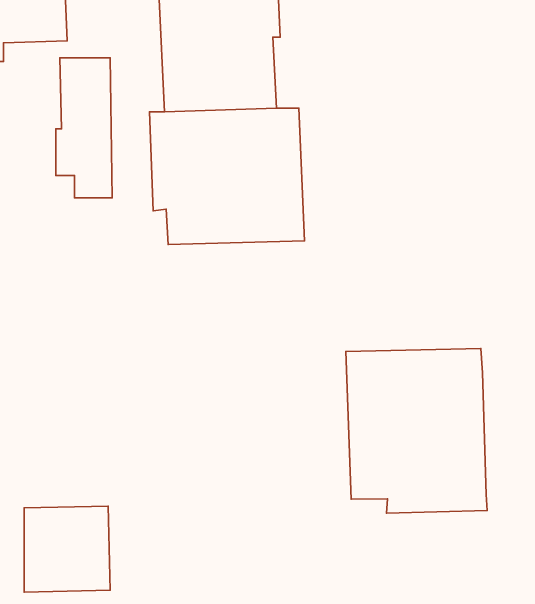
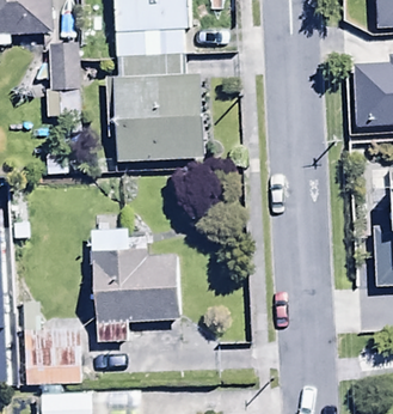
building: none -> [91,227,180,343]
building: [346,349,487,513] -> none

